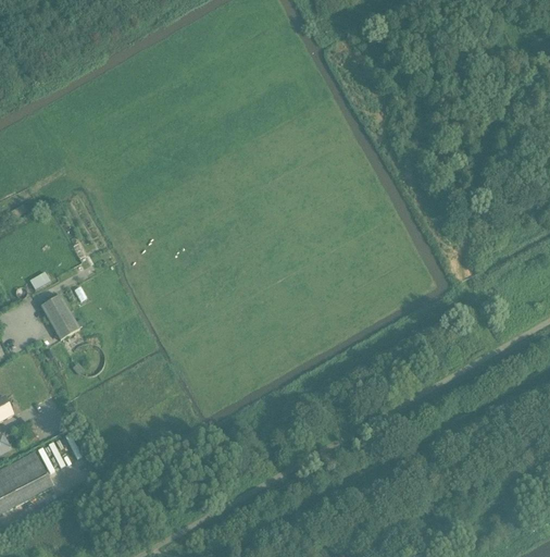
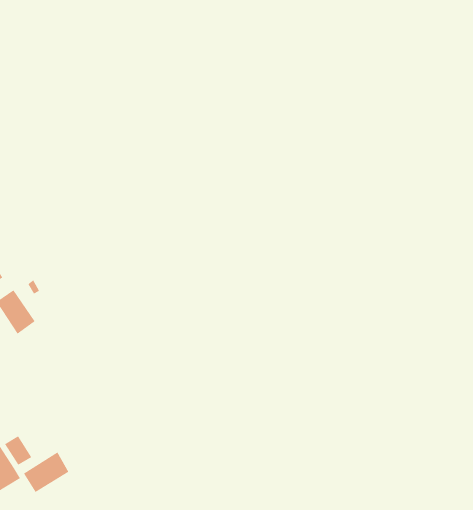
building: none -> [23,451,69,493]

